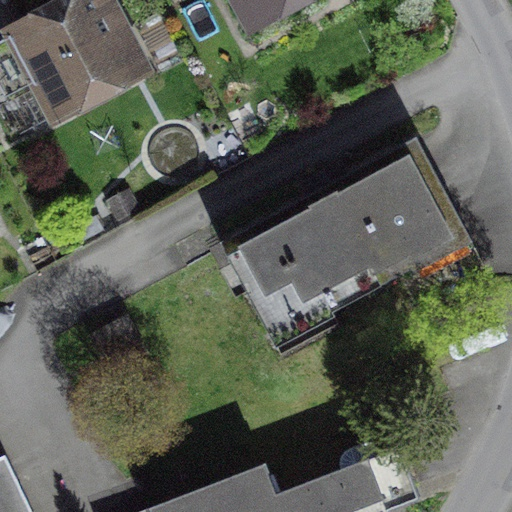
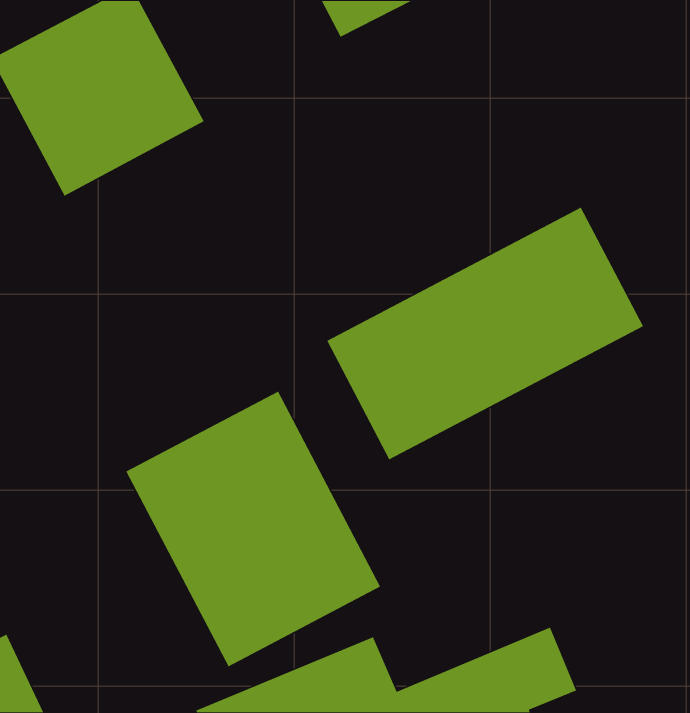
building: none -> [125,390,381,667]

